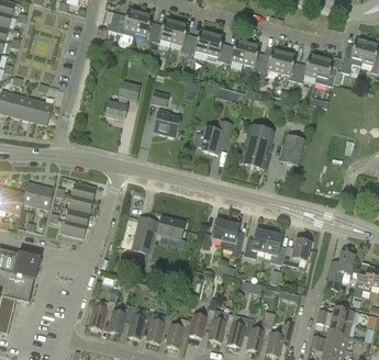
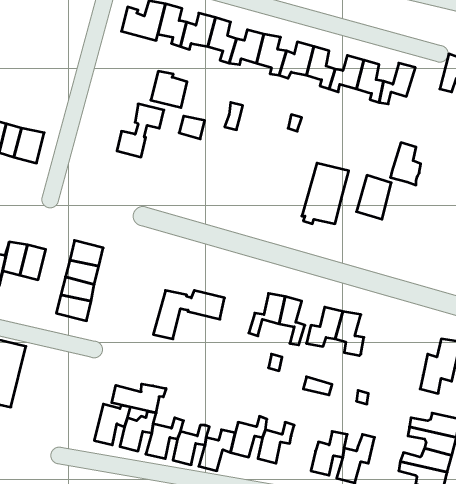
building: [314,55,336,86] -> [390,143,421,185]
building: [153,109,179,135] -> [151,71,187,108]
building: [194,120,232,154] -> none
building: [282,237,310,266] -> none
building: none -> [112,384,166,413]
building: [226,314,254,346] -> none

